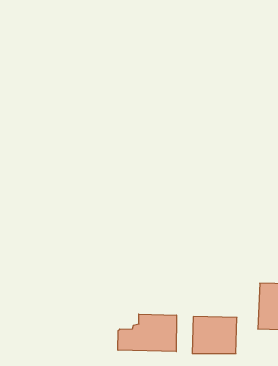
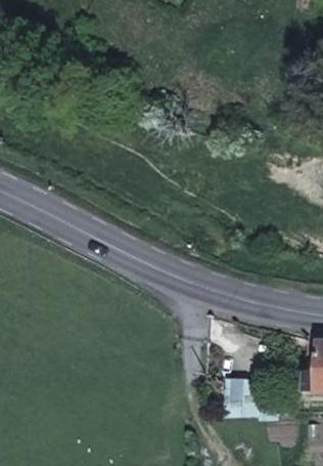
building: [118,314,176,352] -> none

